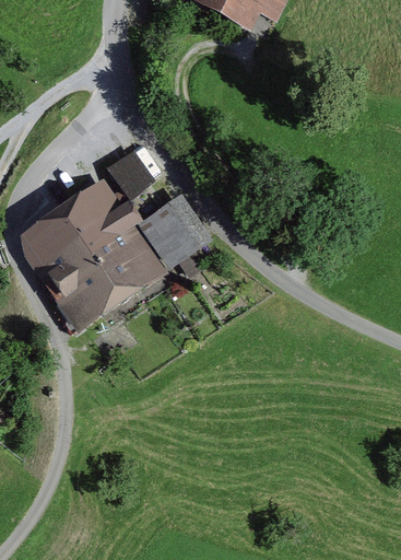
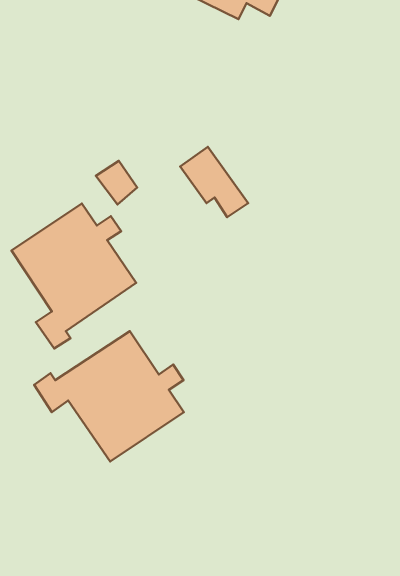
building: [145,207,210,273] -> [180,147,248,217]
building: none -> [34,331,184,462]

